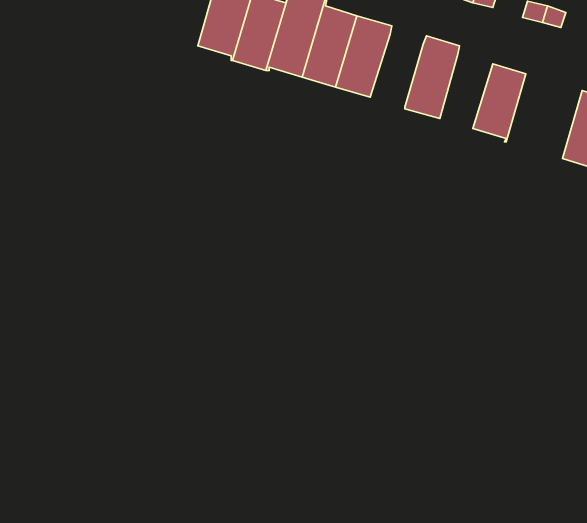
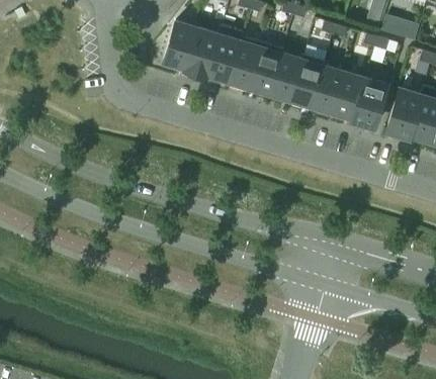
building: none -> [269,54,301,98]
building: none -> [312,66,344,111]
building: none -> [352,78,386,126]

